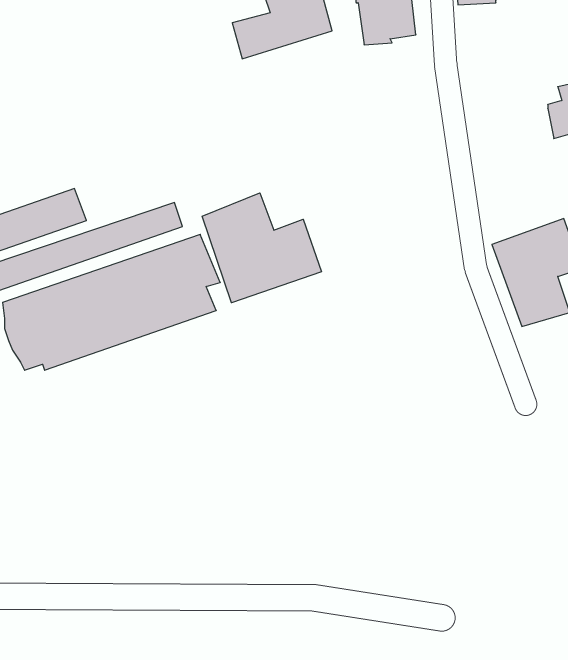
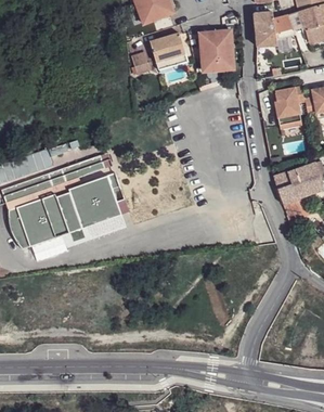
building: none -> [273,87,303,130]
building: [202,193,321,303] -> none

